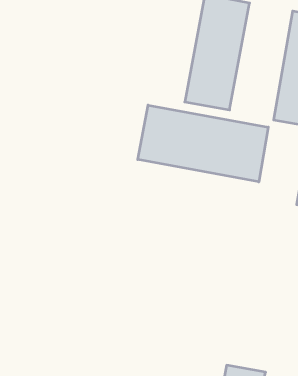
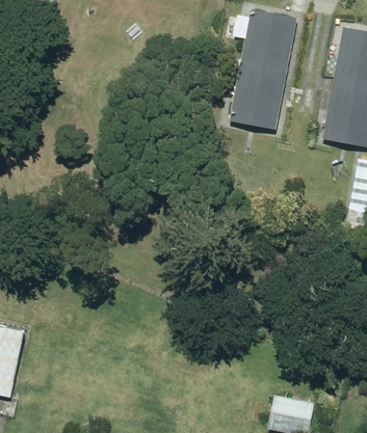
building: [138,105,268,182] -> none

